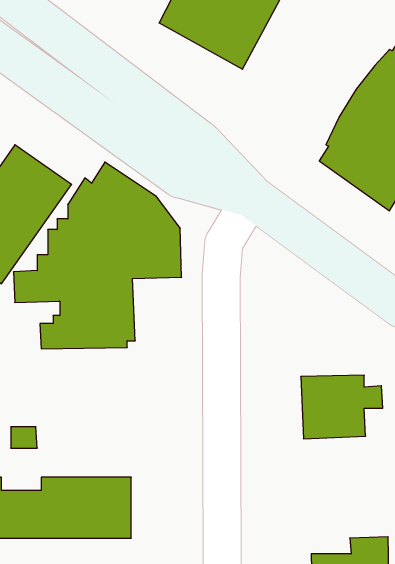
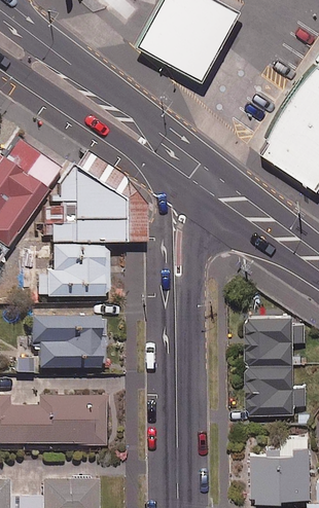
building: none -> [33,309,103,368]
building: none -> [243,364,306,415]

